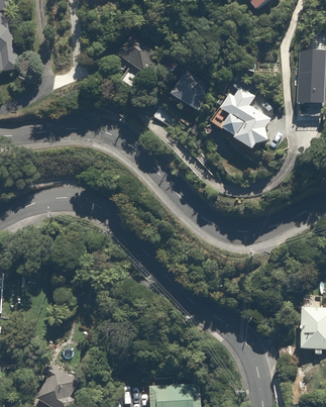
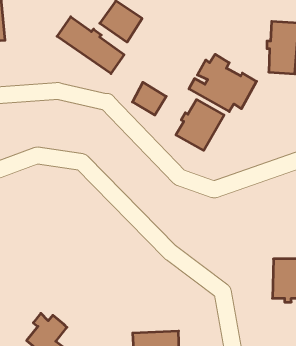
building: none -> [57,17,124,74]
building: [172,75,208,110] -> [132,82,166,115]
building: none -> [176,100,224,150]

